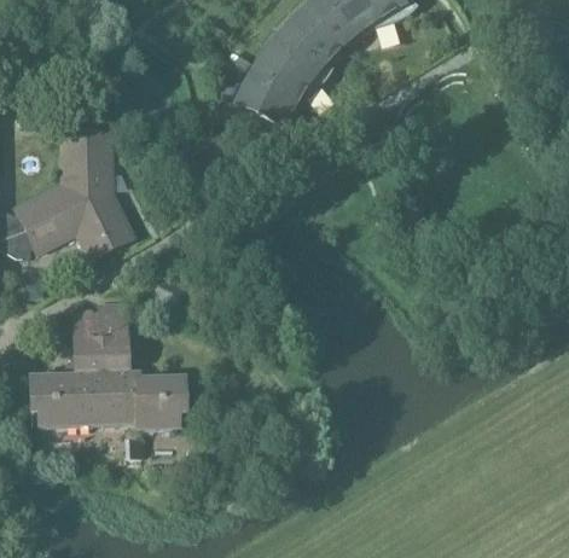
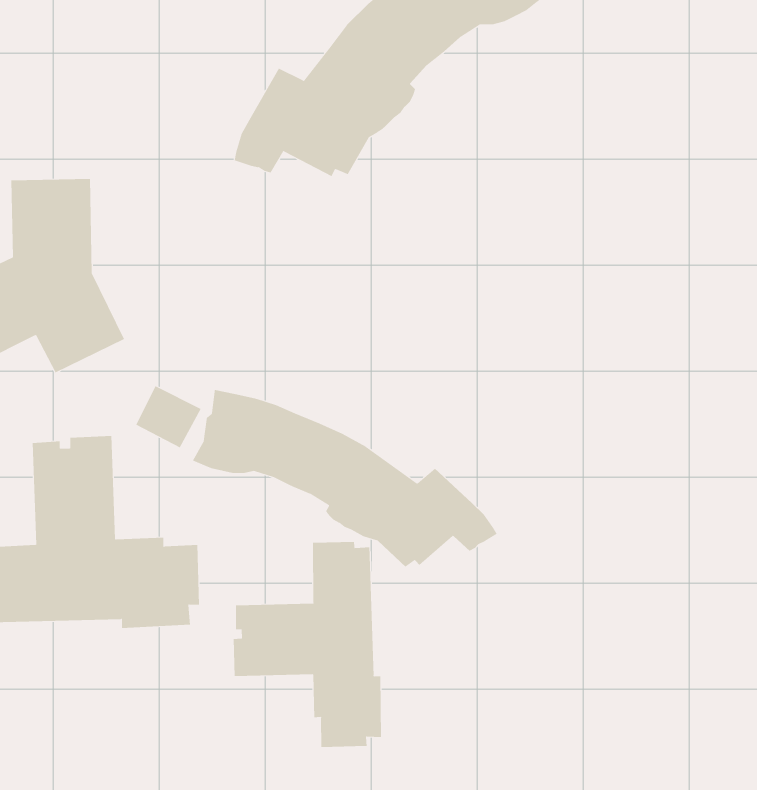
building: none -> [192,389,498,567]
building: none -> [233,541,382,748]

